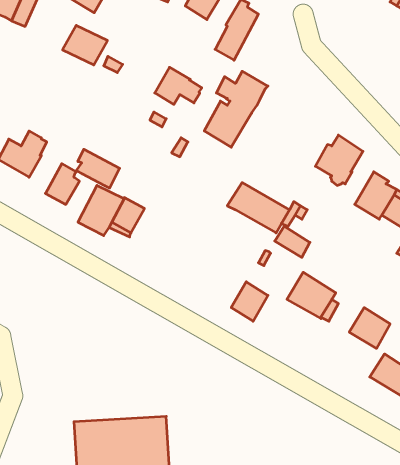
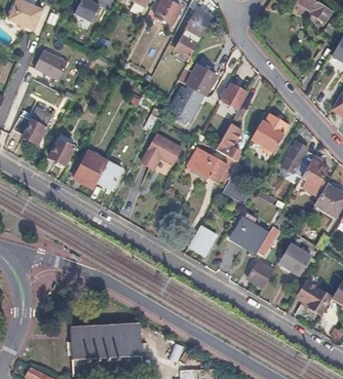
building: [63,25,107,65] -> [35,48,69,78]
building: [155,67,202,104] -> none
building: none -> [220,82,247,108]
building: [77,149,120,188] -> none
building: none -> [215,123,241,159]
building: none -> [142,134,182,166]
building: none -> [247,258,273,286]

